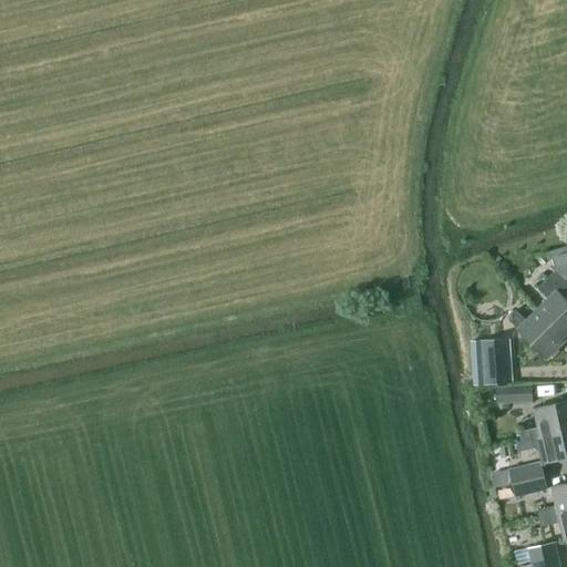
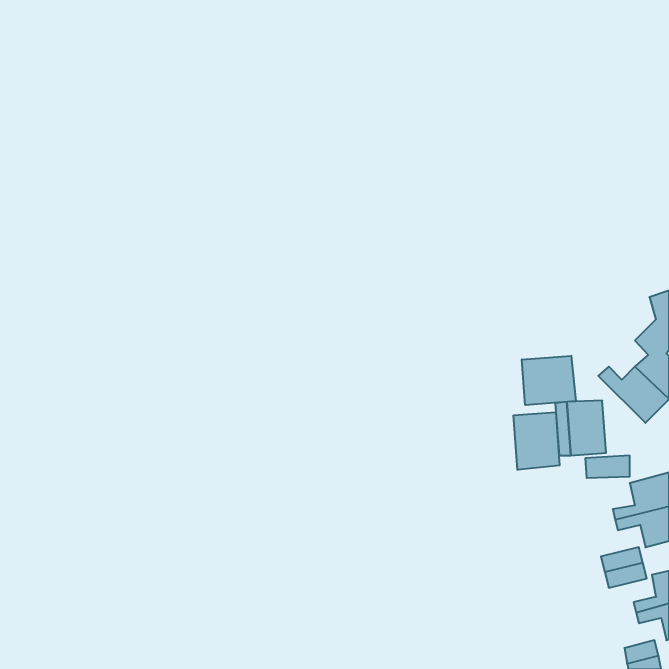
building: none -> [522,356,576,405]
building: none -> [514,412,560,470]

